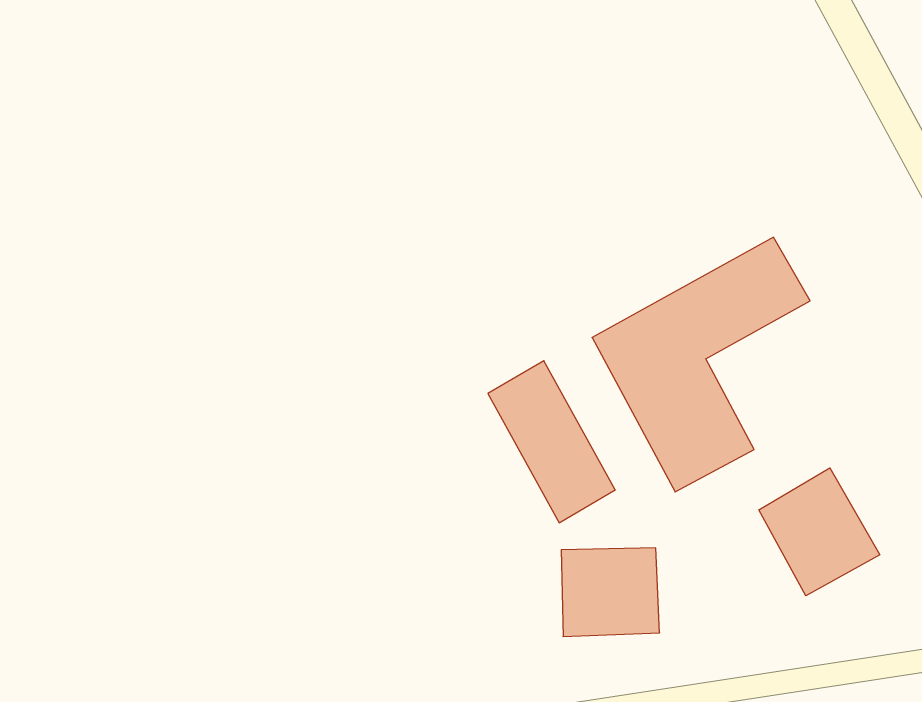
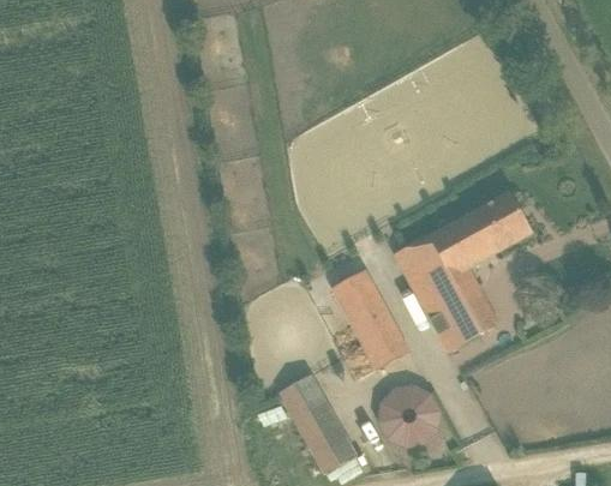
building: [759,468,880,596] -> none
building: none -> [275,370,354,473]

